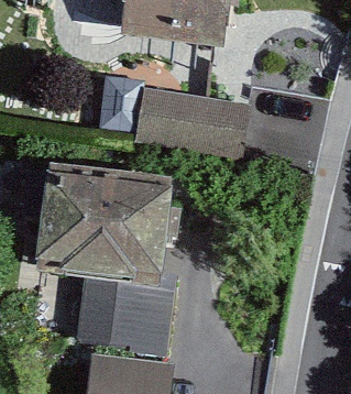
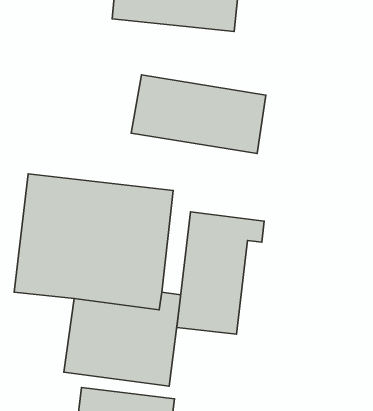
building: none -> [177,212,264,334]

